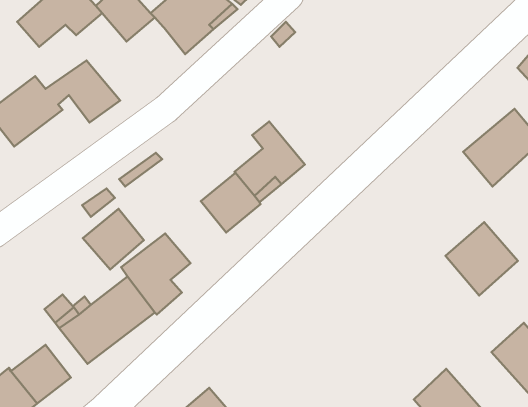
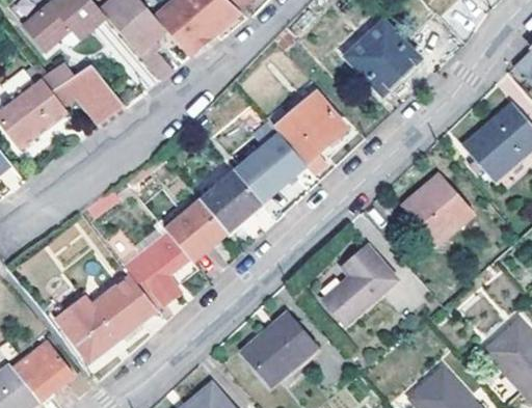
building: none -> [129,18,172,77]
building: none -> [347,20,422,96]
building: none -> [275,92,348,173]
building: [83,209,144,270] -> [167,199,228,260]
building: [446,222,518,296] -> [401,178,473,250]
building: none -> [321,248,397,327]
building: none -> [240,315,317,389]

